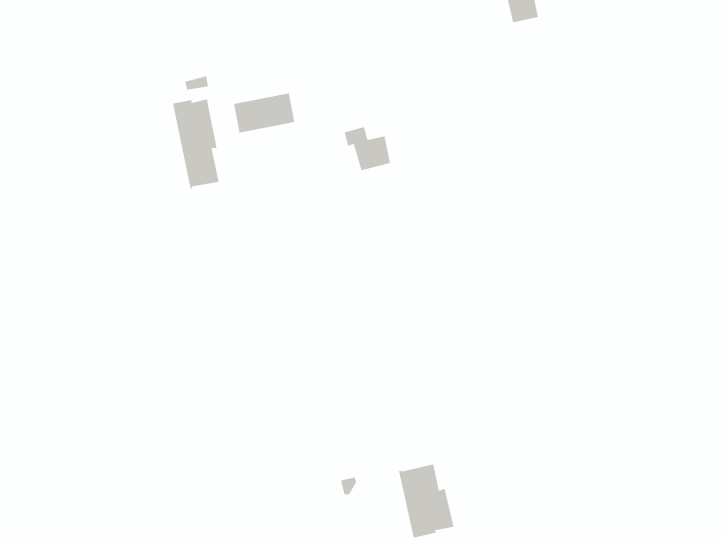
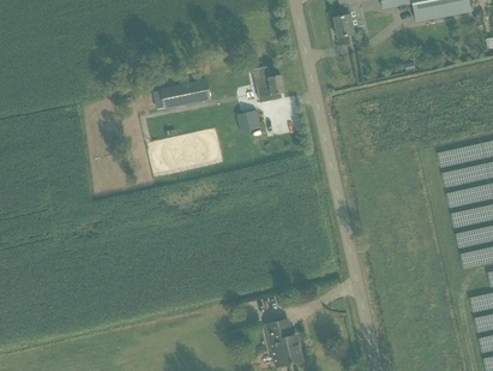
building: none -> [255,76,284,102]
building: [172,98,219,190] -> none

